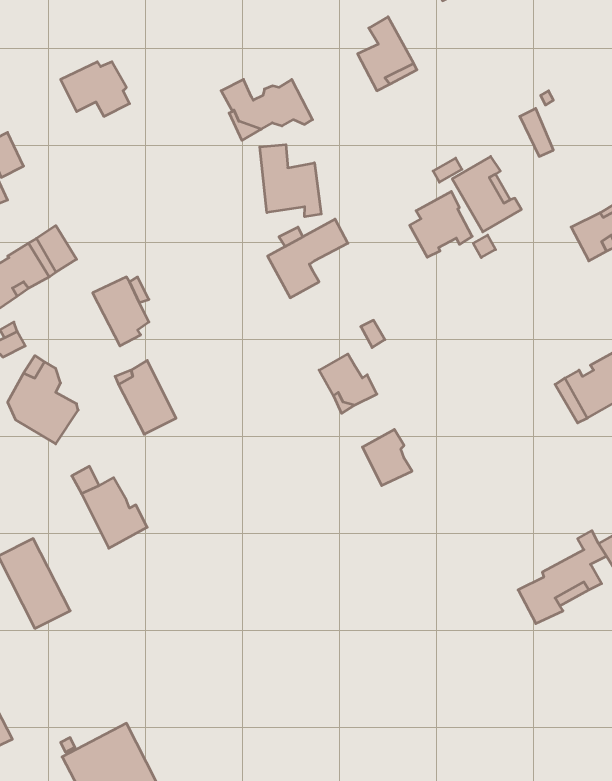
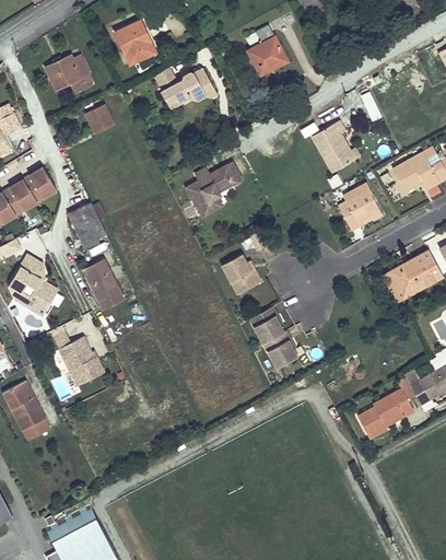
building: none -> [115,21,155,65]
building: none -> [84,105,114,135]
building: [260,145,321,217] -> none
building: [410,191,472,257] -> [338,183,380,228]
building: none -> [263,332,296,368]

